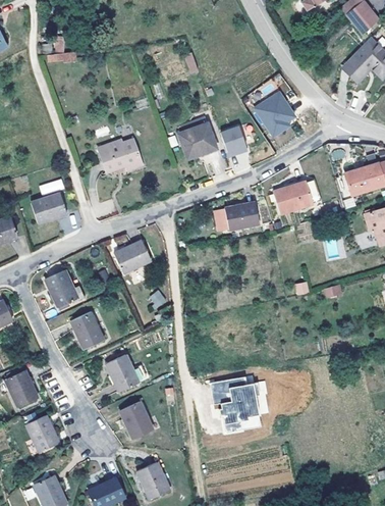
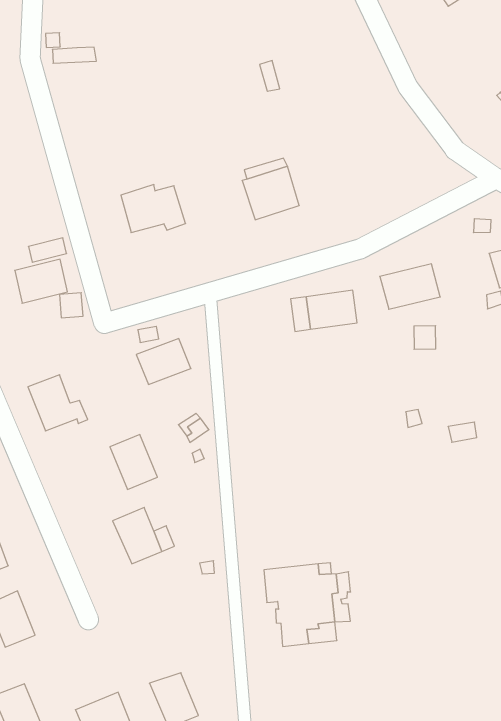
building: [255,93,294,137] -> none
building: [220,127,246,157] -> none
building: [70,312,103,349] -> [110,435,157,489]
building: [119,401,153,439] -> none

